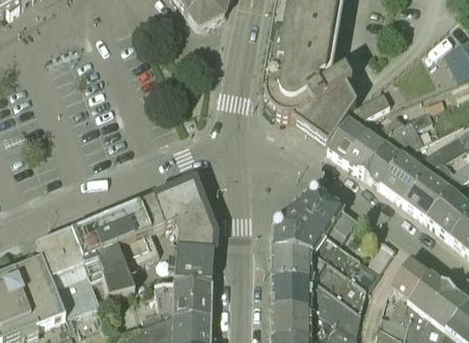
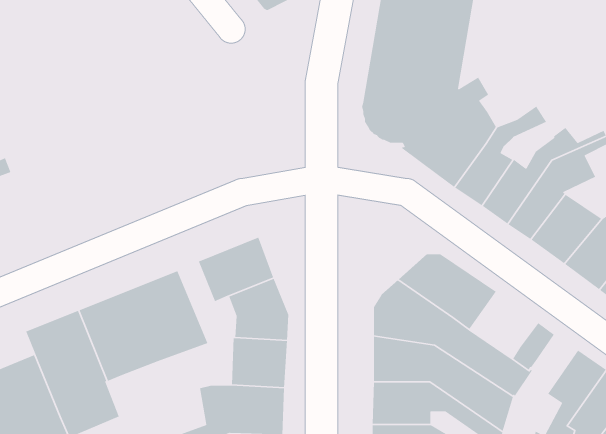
building: [102,266,135,298] -> none

